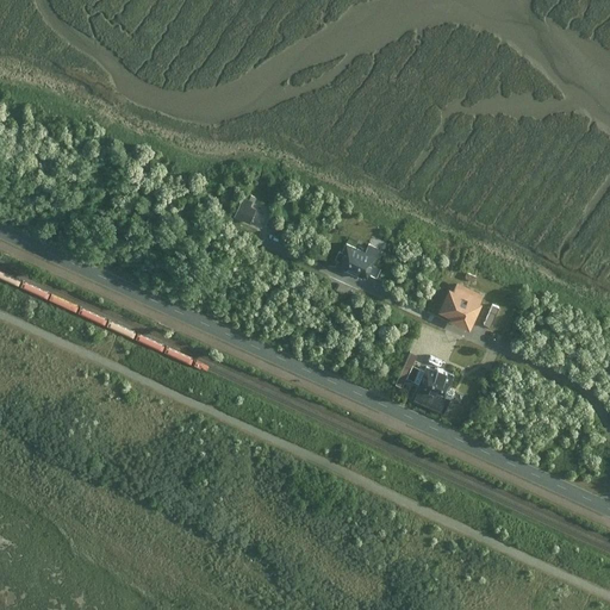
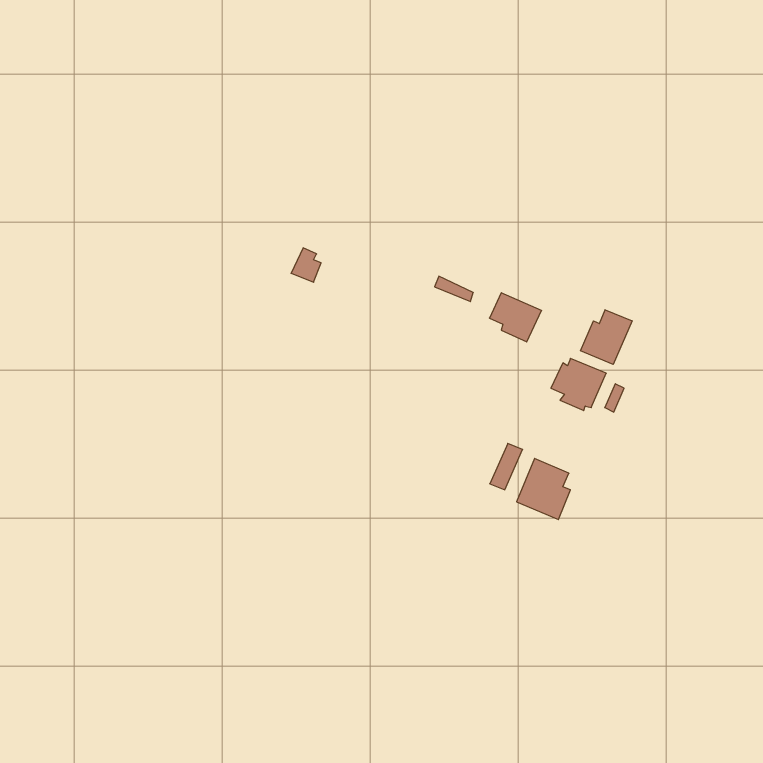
building: [337,242,379,281] -> [489,293,542,342]
building: none -> [580,310,632,364]

